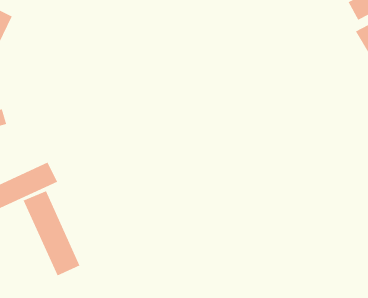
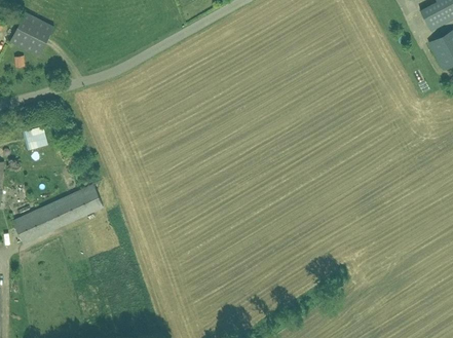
building: [23,190,80,277] -> none

